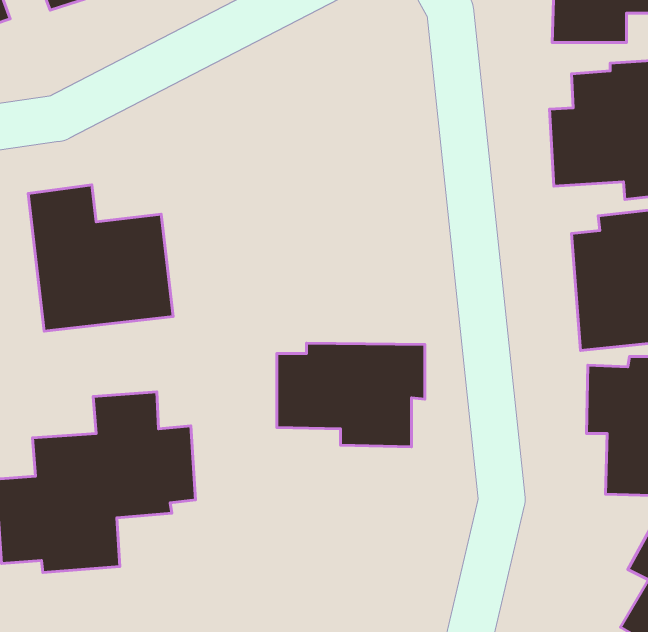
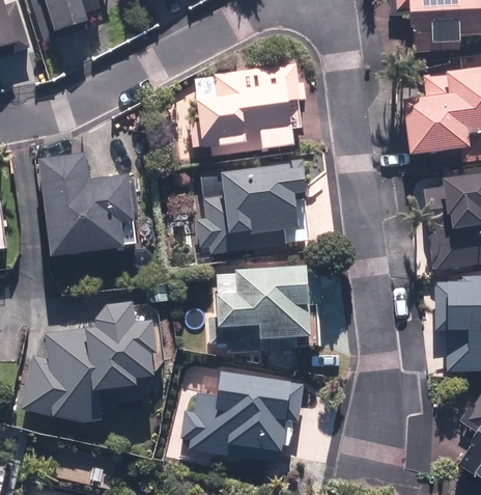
building: none -> [187,65,306,155]
building: none -> [193,164,309,254]
building: none -> [179,372,303,457]

